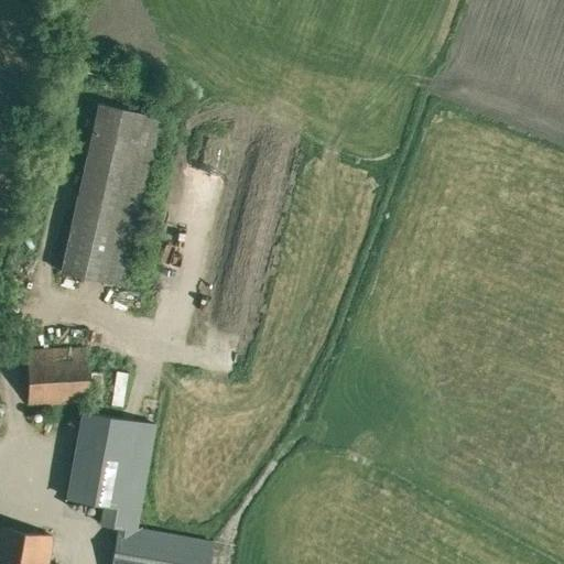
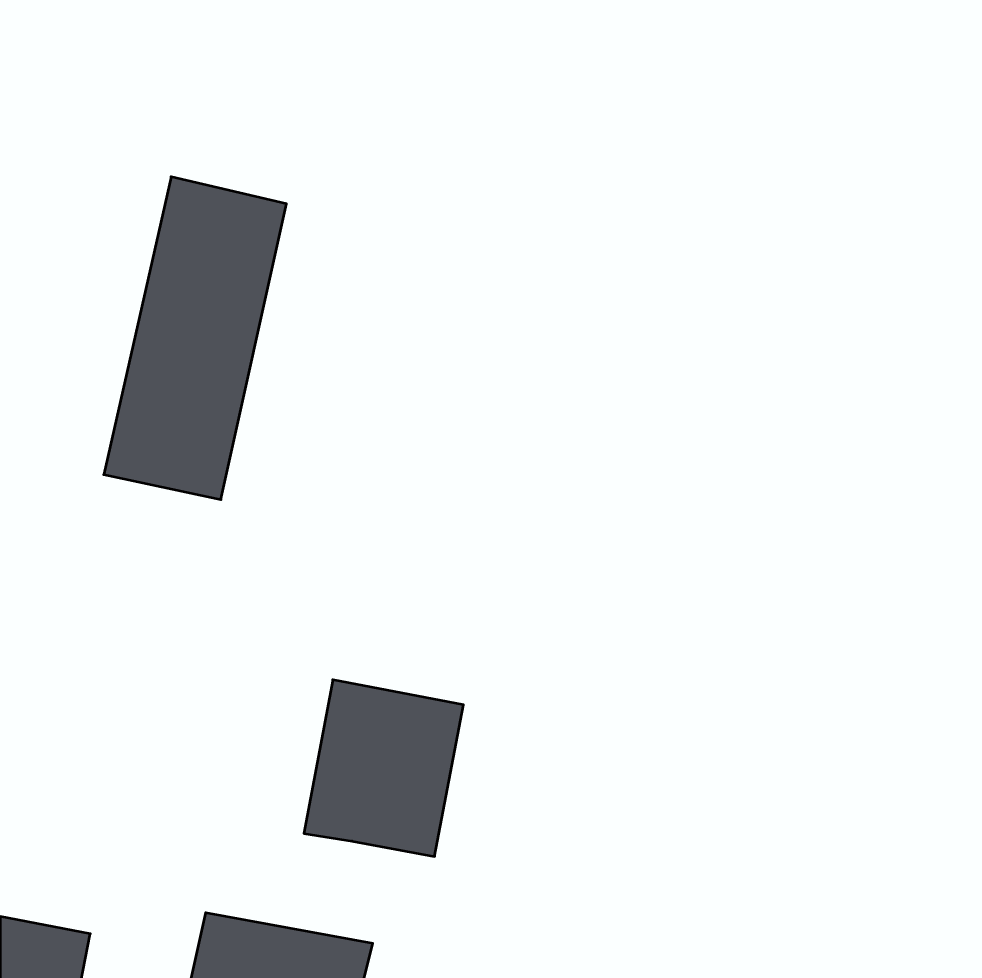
building: [28,348,87,408] -> none
building: [65,412,156,513] -> [304,680,463,856]

